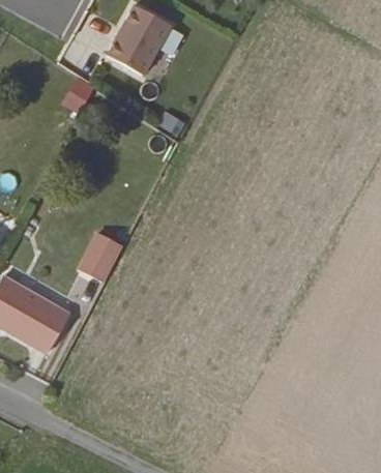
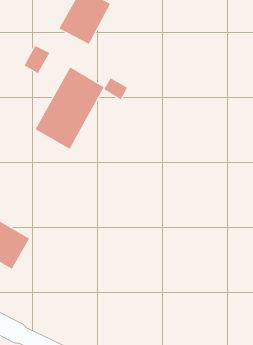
building: none -> [35,66,104,149]
building: [83,235,127,286] -> none

